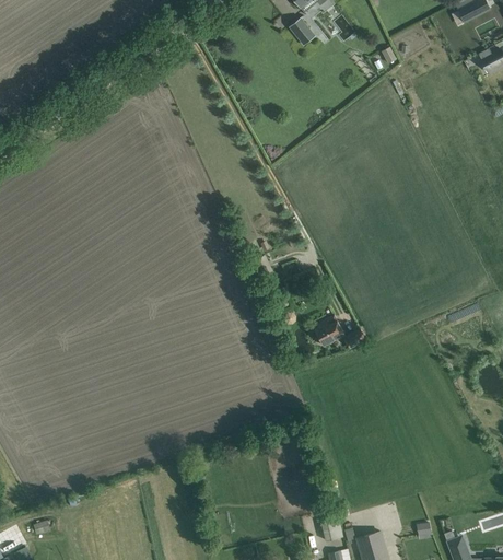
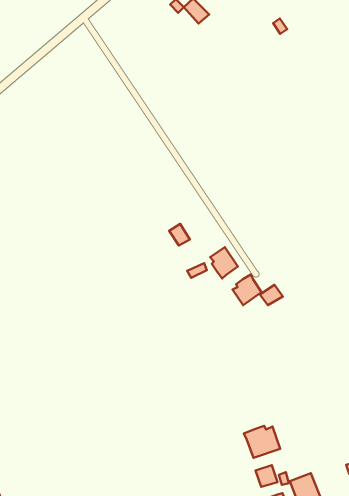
building: none -> [210,247,238,278]
building: none -> [244,426,280,458]

